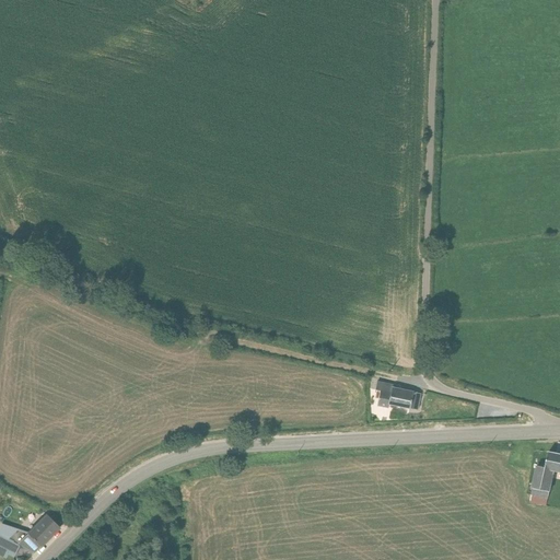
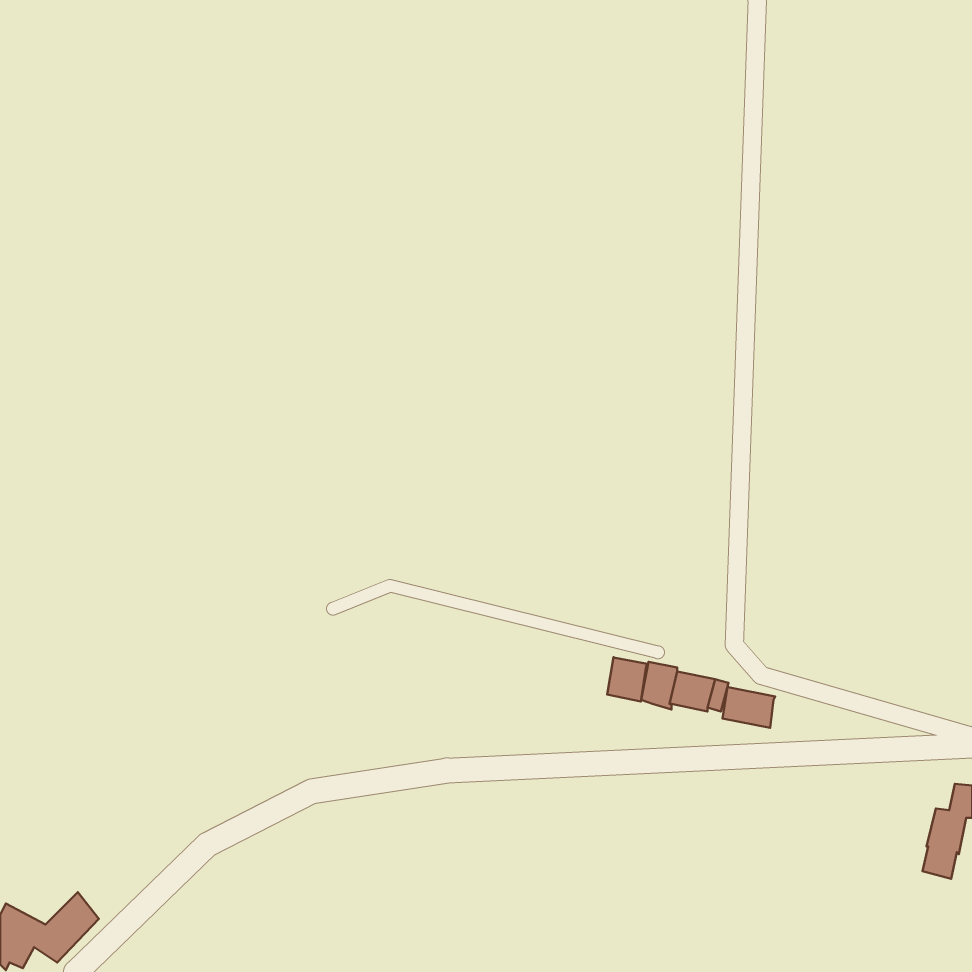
building: none -> [607,657,647,701]
building: none -> [723,687,775,728]

